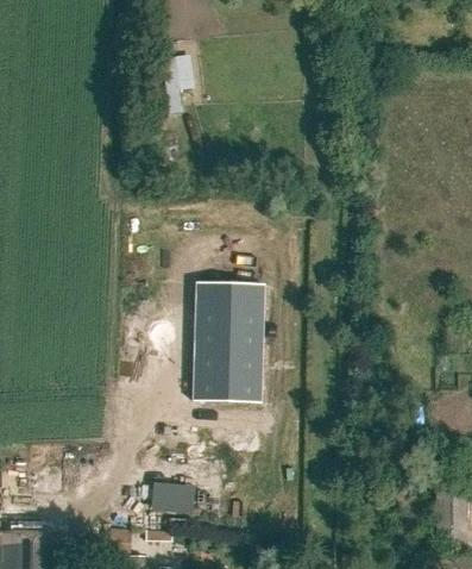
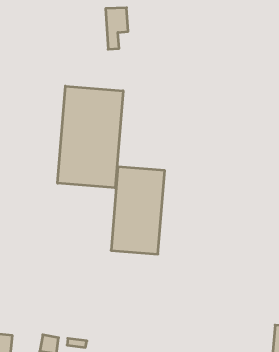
building: none -> [58,86,123,188]
building: [147,481,190,511] -> none

